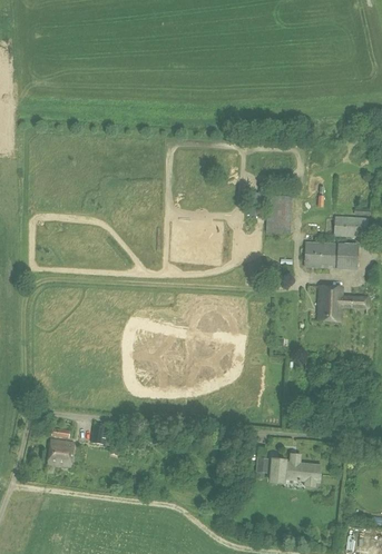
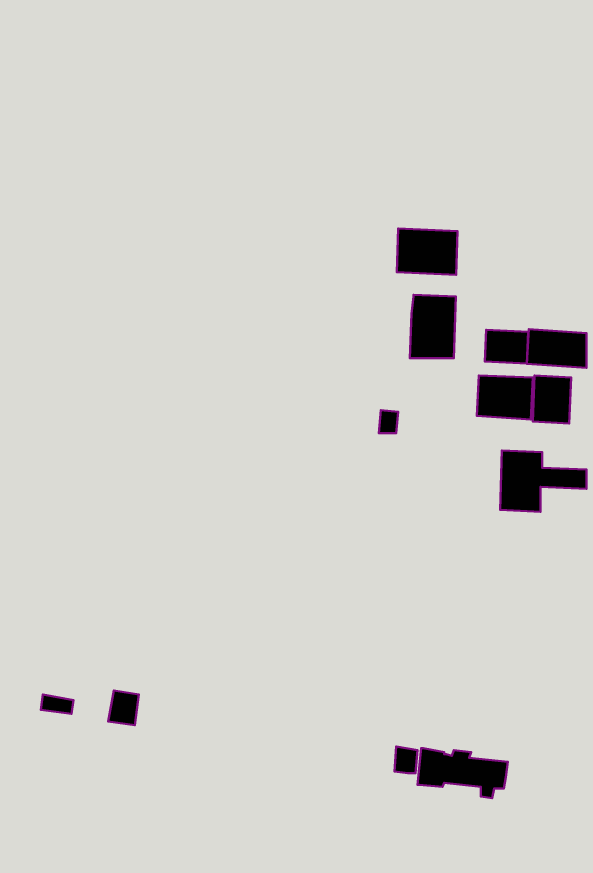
building: none -> [397,228,457,275]
building: none -> [485,330,528,364]
building: [48,439,74,465] -> none

